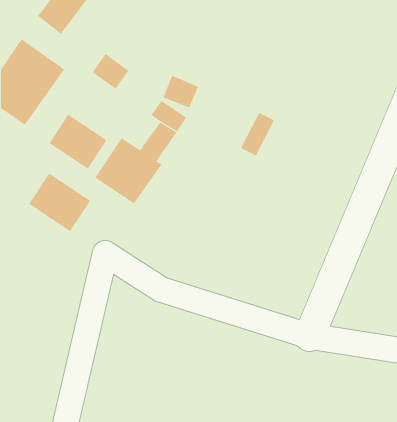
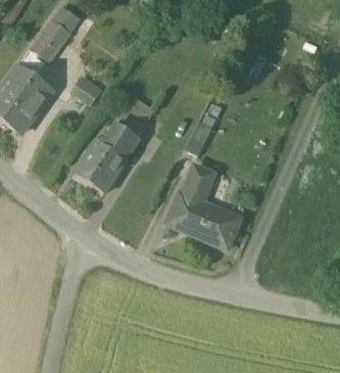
building: [49,114,107,170] -> none
building: none -> [168,167,239,246]
building: [29,173,91,232] -> none

